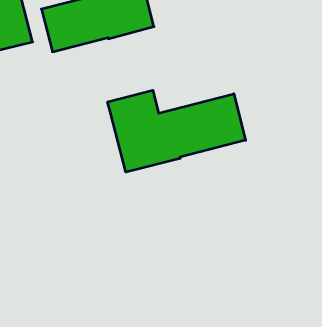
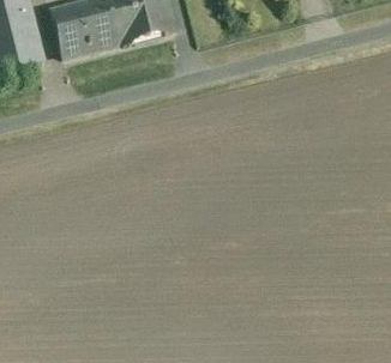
building: [108,90,246,172] -> none

